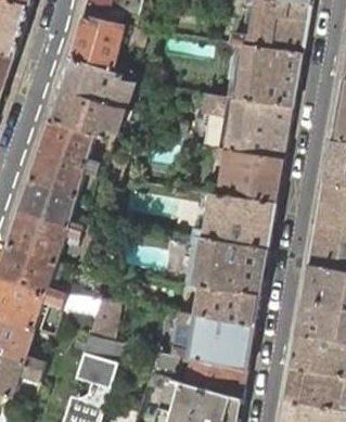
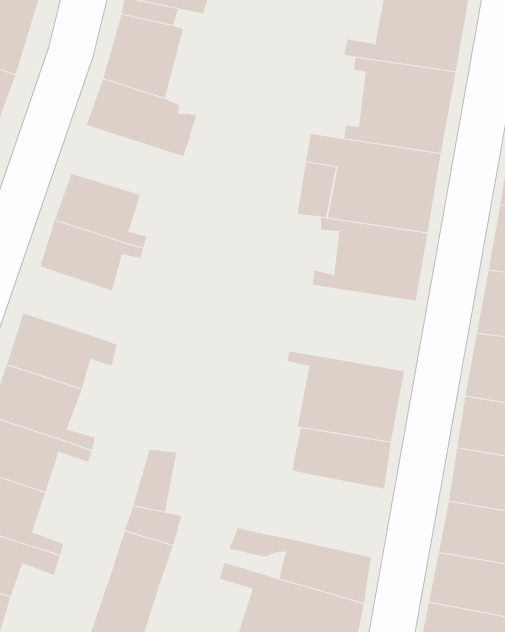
building: [50,88,124,137] -> none
building: [18,180,82,231] -> none
building: [192,193,275,248] -> none
building: [171,311,255,370] -> none

